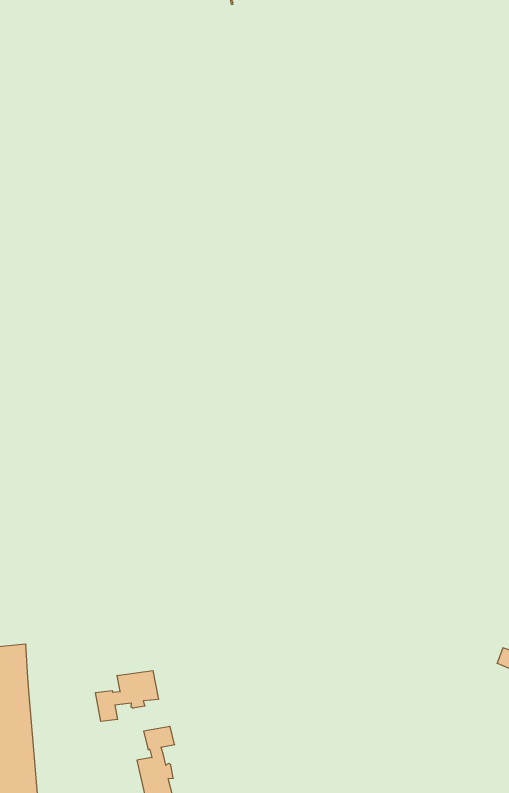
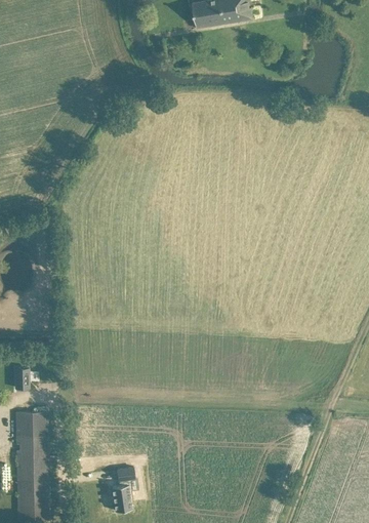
building: [96,671,158,721] -> none

